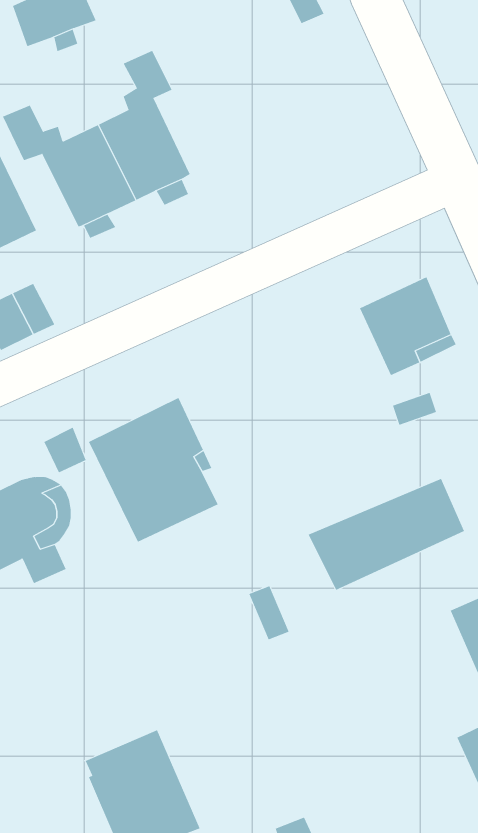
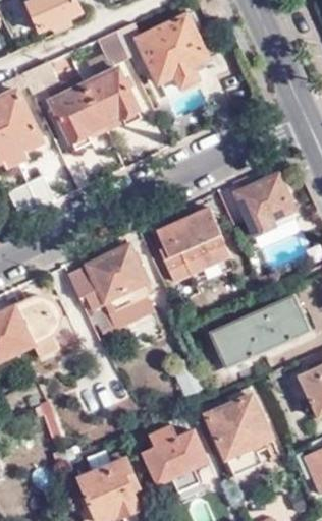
building: none -> [114,9,211,93]
building: none -> [152,208,231,275]
building: none -> [205,396,271,477]
building: none -> [139,429,204,493]

